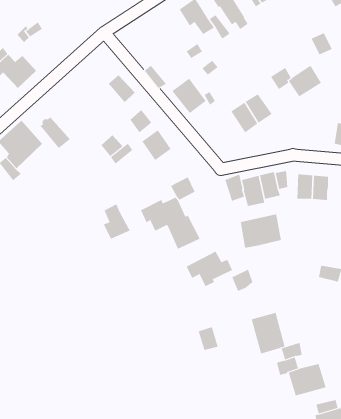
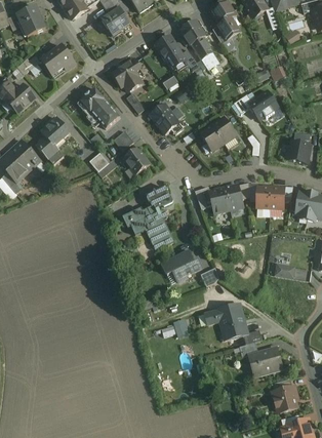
building: none -> [42,45,75,75]
building: none -> [112,59,143,91]
building: none -> [78,87,106,115]
building: none -> [41,117,70,146]
building: [103,204,130,240] -> none
building: [240,214,281,248] -> none

